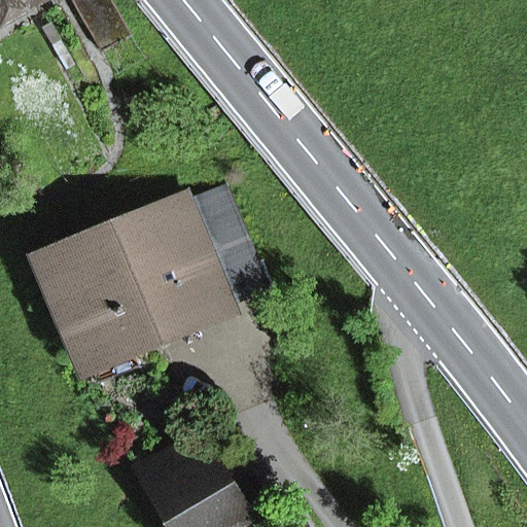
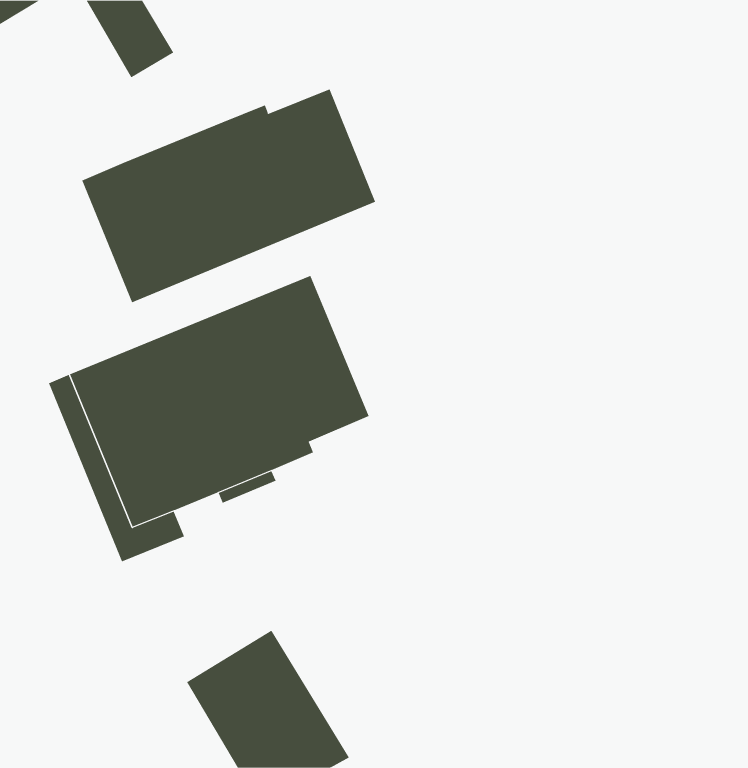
building: none -> [81,89,376,303]

